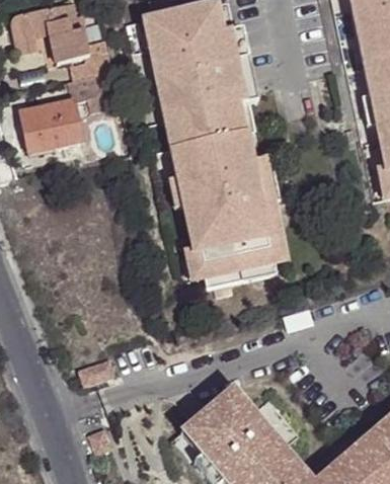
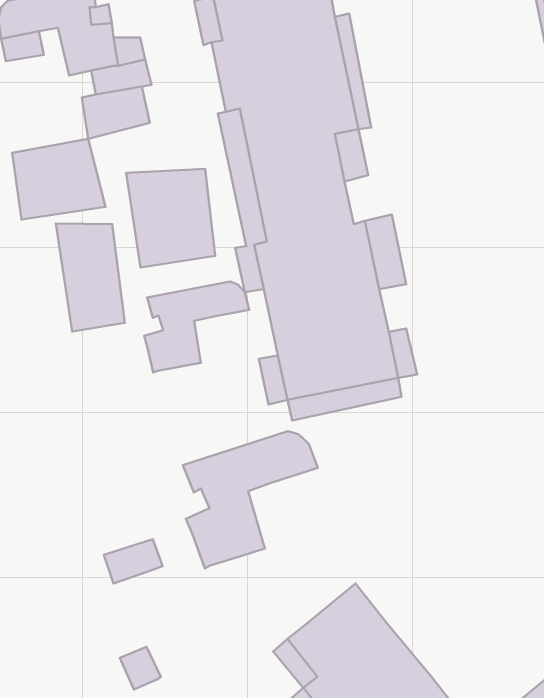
building: none -> [126,169,215,268]
building: none -> [56,223,125,332]
building: none -> [144,282,249,372]
building: none -> [183,431,318,569]

